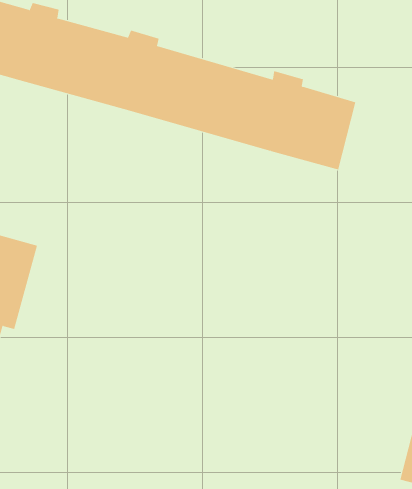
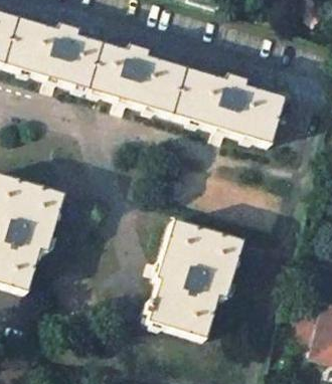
building: none -> [143,220,238,338]

